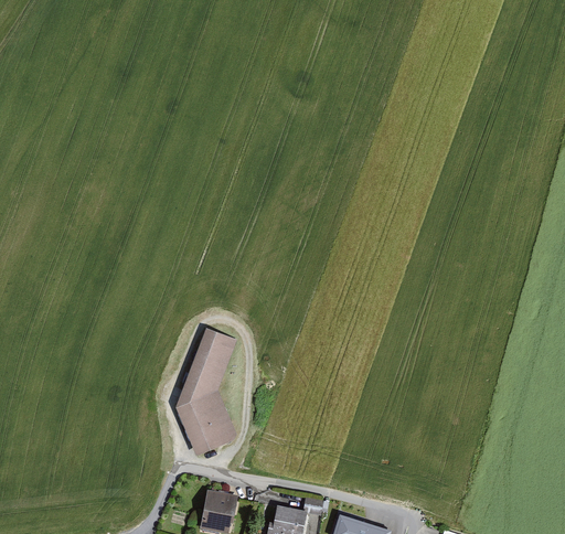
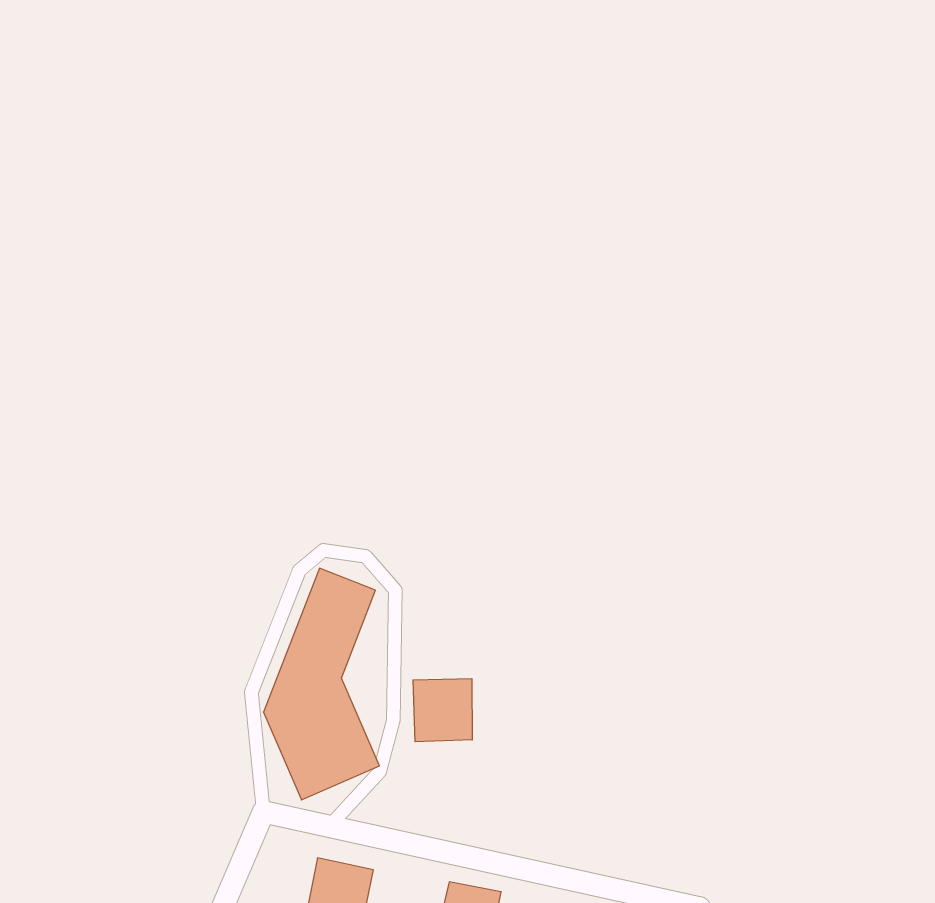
building: none -> [413,679,472,742]

